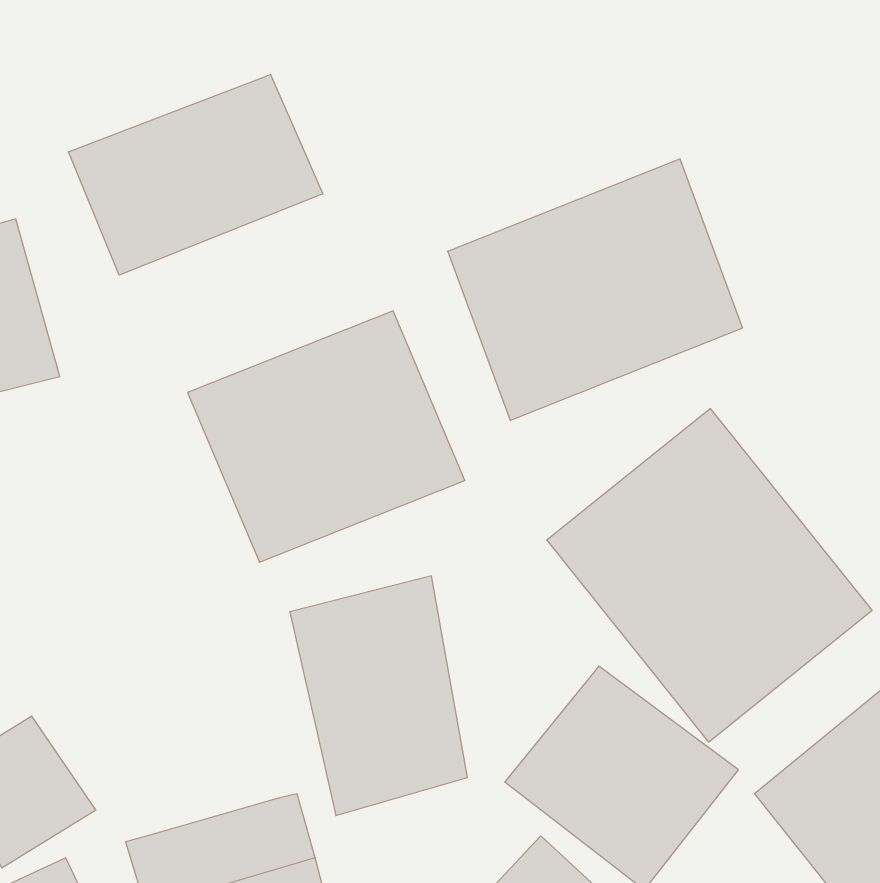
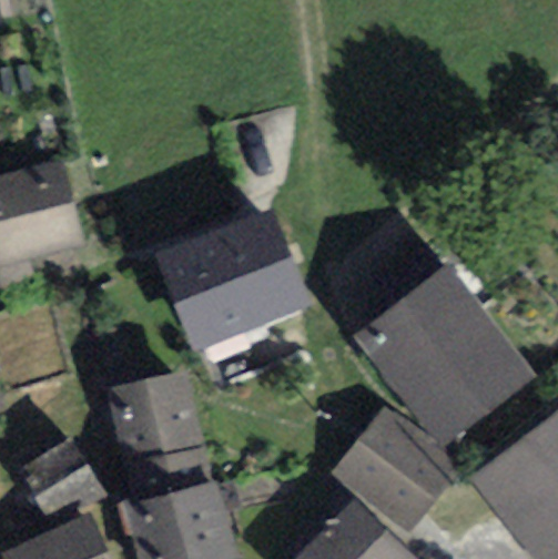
building: [69,74,323,275] -> none
building: [448,159,742,420] -> none
building: [290,576,467,816] -> [108,369,206,502]

